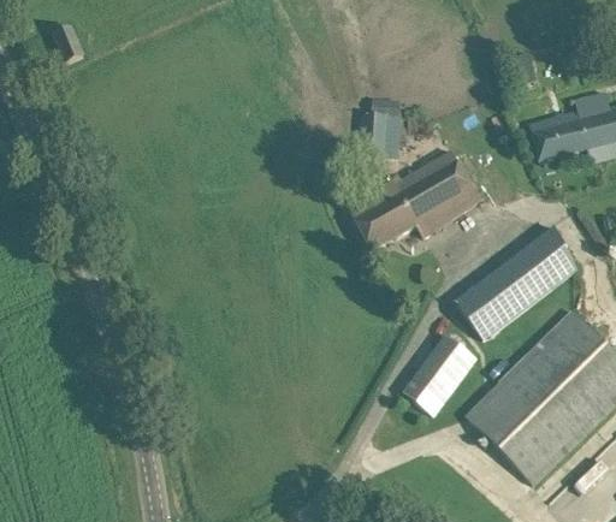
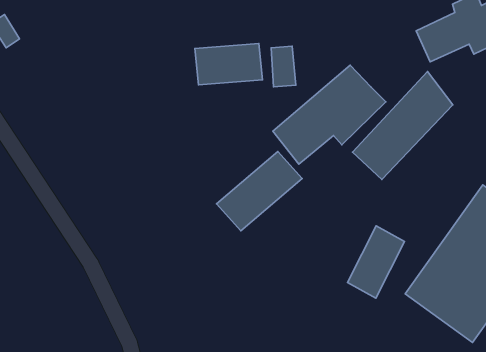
building: none -> [195,44,262,85]
building: [456,226,578,338] -> [353,72,453,179]
building: none -> [216,151,302,231]

